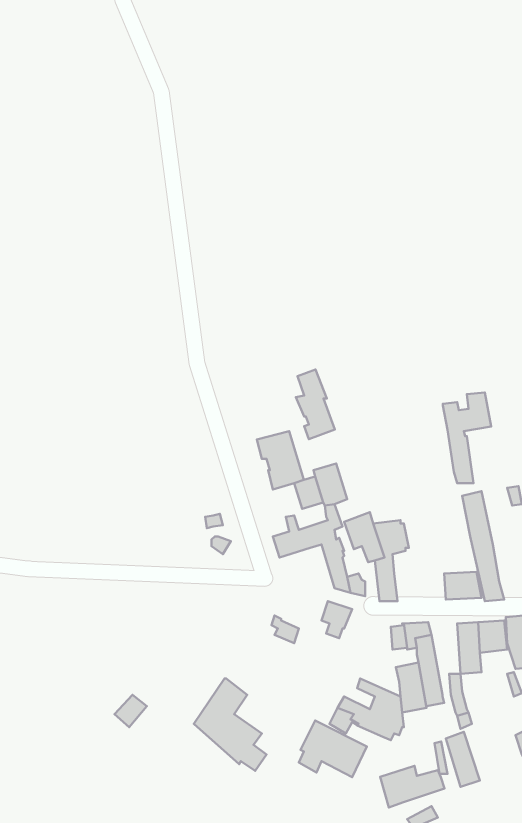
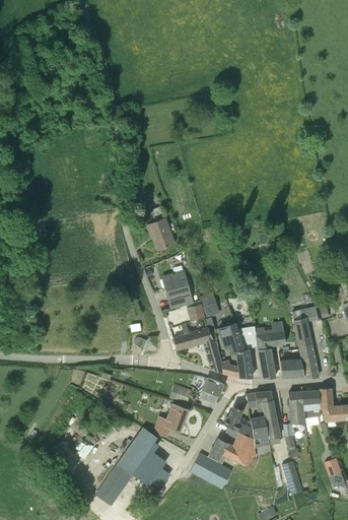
building: [296,370,335,439] -> [150,206,175,250]
building: [443,393,491,483] -> [256,321,286,378]
building: none -> [154,403,188,437]
building: none -> [223,406,254,438]
building: none -> [103,455,152,495]
building: [380,766,445,808] -> none

